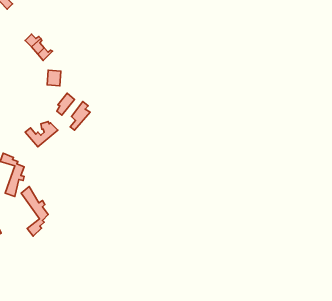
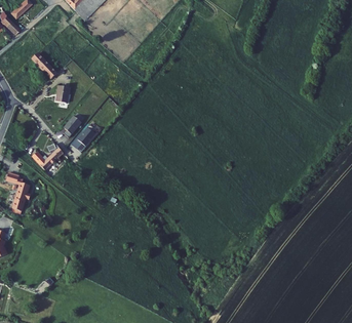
building: [21,187,48,236] -> none

